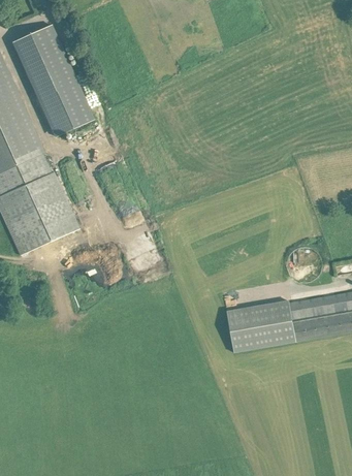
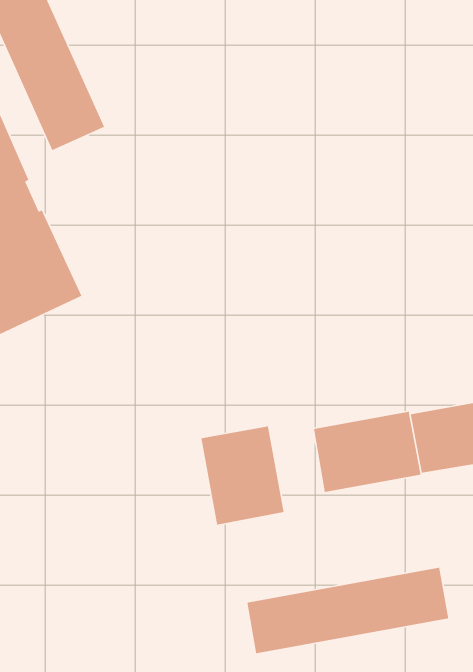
building: none -> [200,425,285,526]
building: none -> [246,567,449,654]

